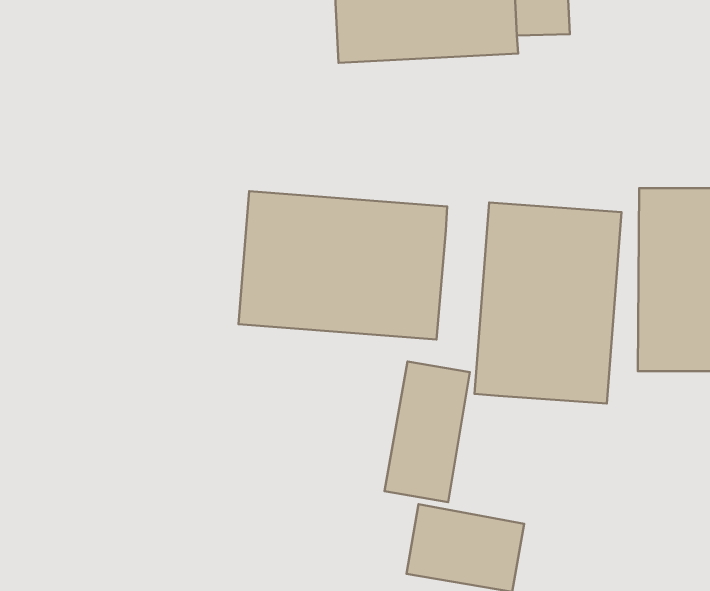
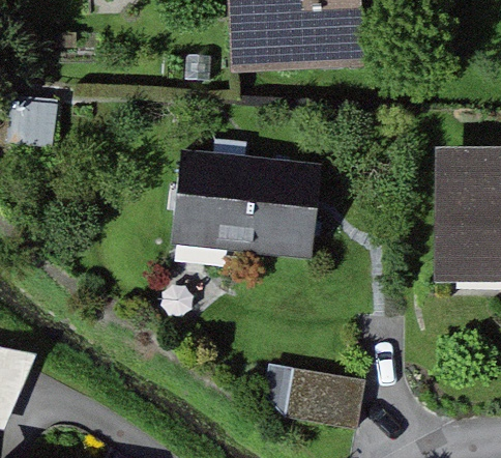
building: [474,203,621,403] -> none
building: [385,362,470,502] -> none

